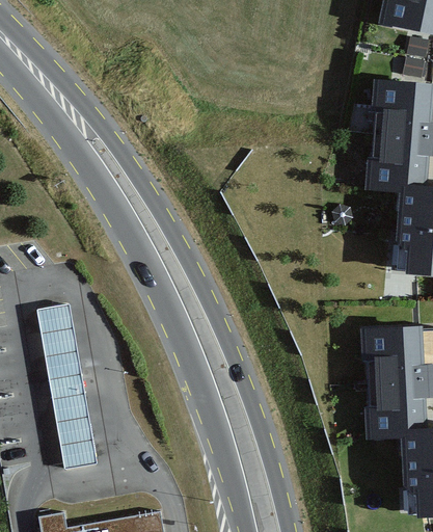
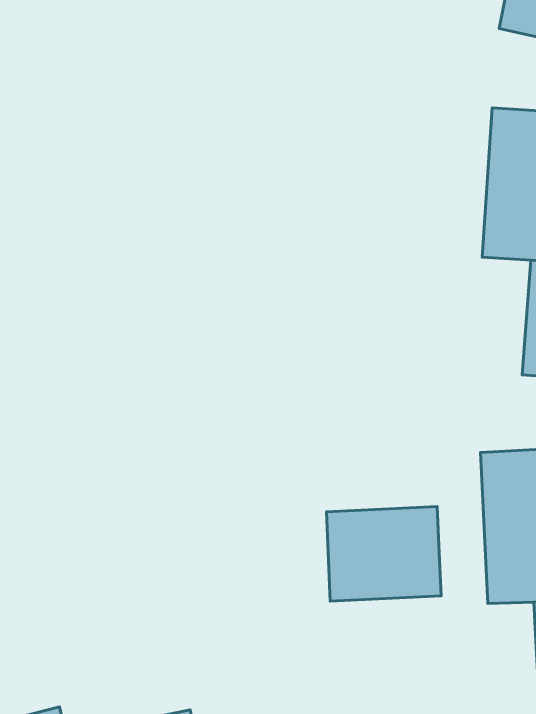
building: [38,311,100,473] -> none
building: none -> [326,507,441,601]

